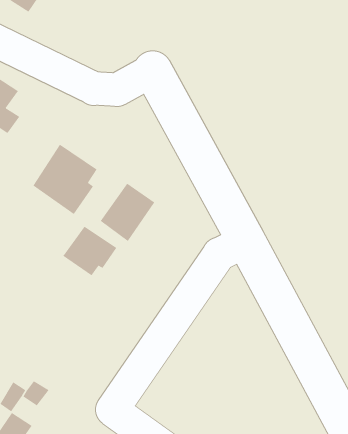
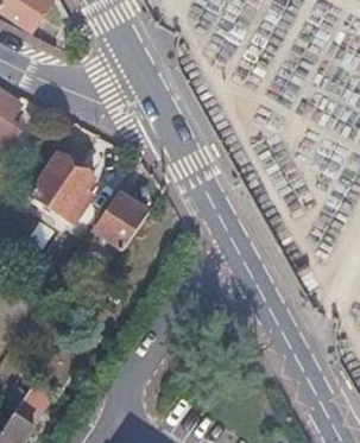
building: [62,226,117,276] -> none

